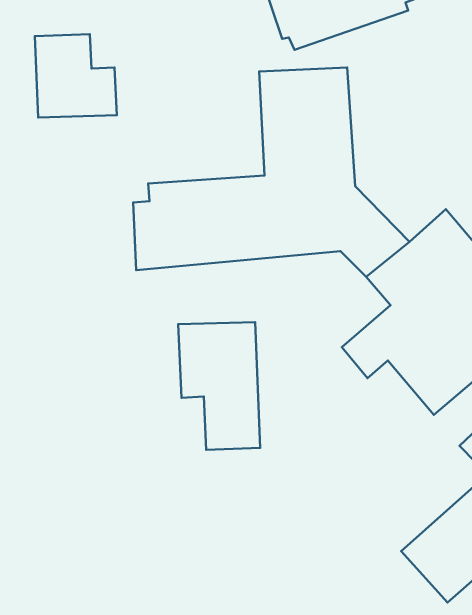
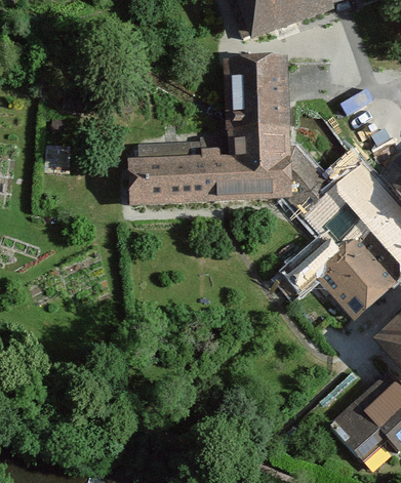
building: [35,34,117,118] -> none
building: [178,322,260,450] -> none

